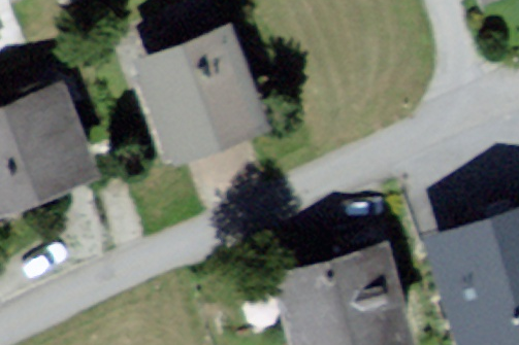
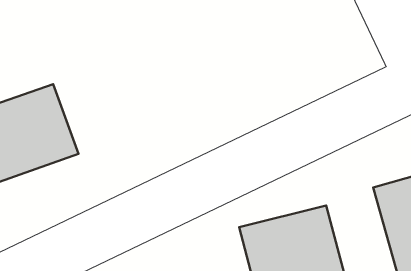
building: [156,47,265,157] -> none

